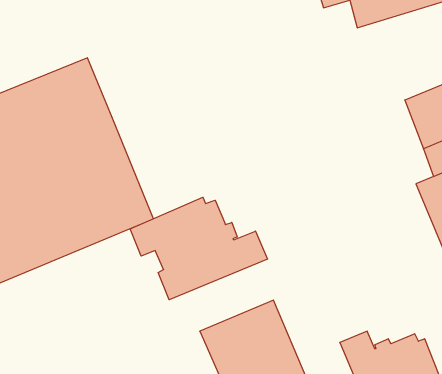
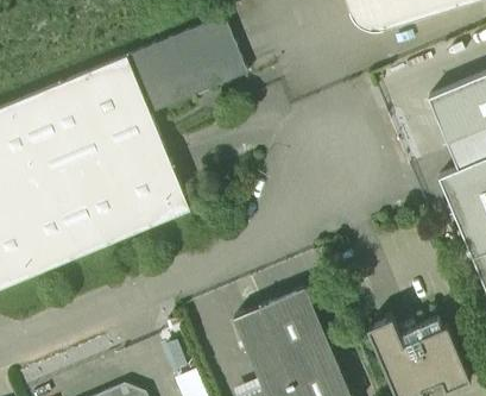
building: none -> [127,17,248,114]
building: [130,197,267,300] -> none

